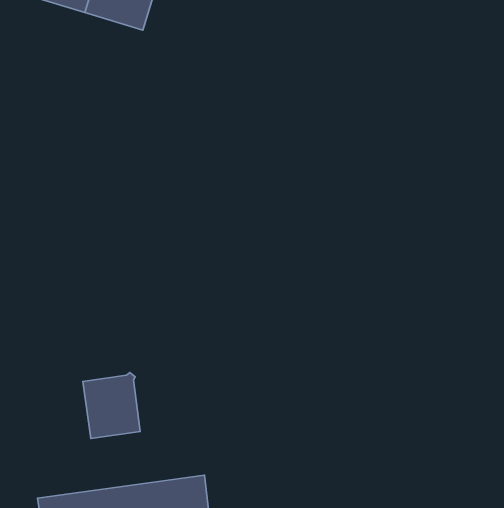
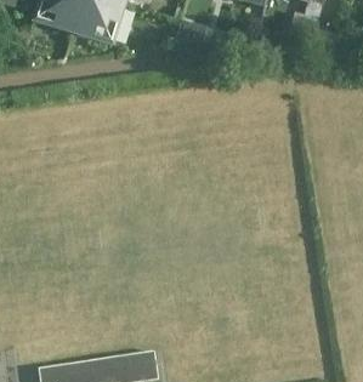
building: [83,373,140,438] -> none

